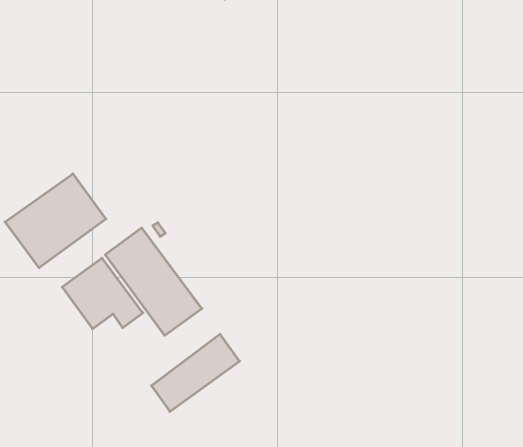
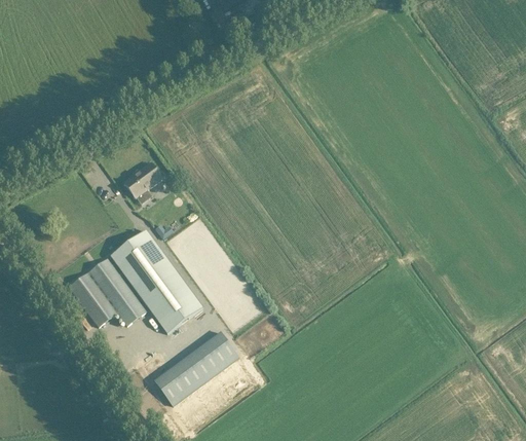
building: none -> [123,162,161,197]
building: [5,174,106,268] -> none

